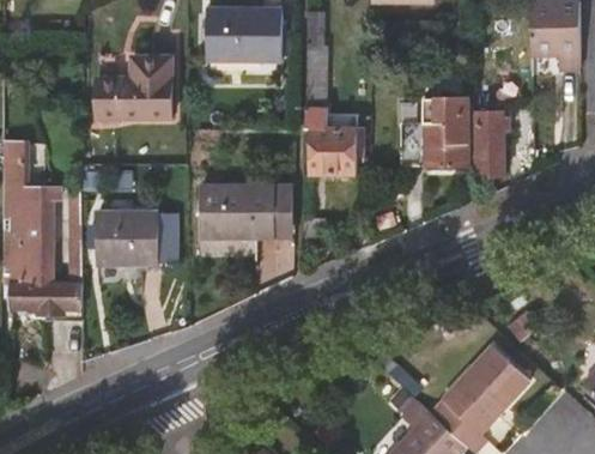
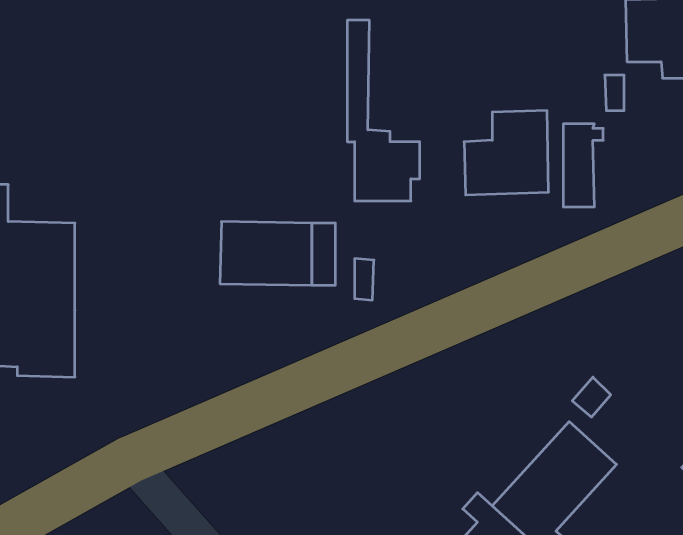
building: [208,17,283,67] -> none
building: [99,55,174,115] -> none
building: [102,206,164,259] -> none

